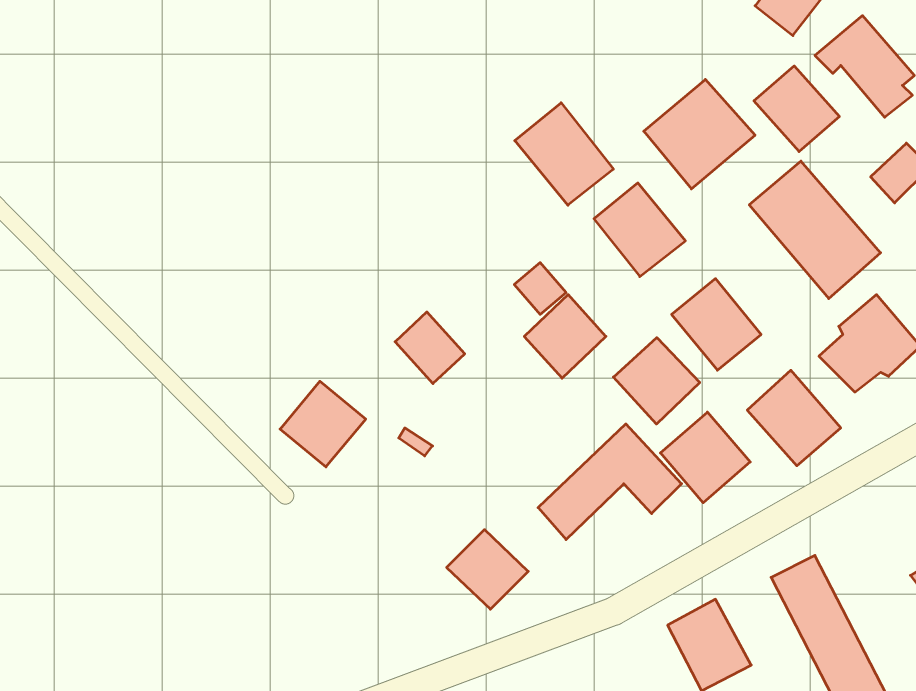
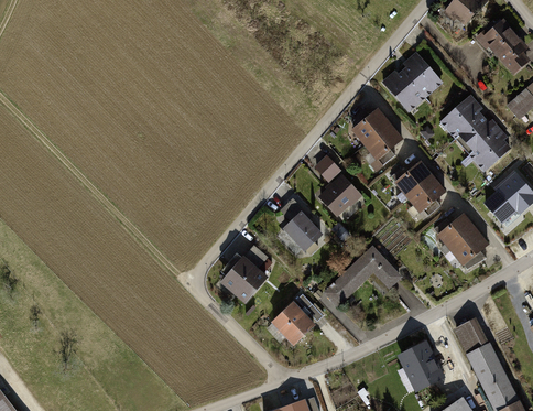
building: [754,66,839,152] -> none
building: [515,103,613,205] -> none
building: [395,312,465,384] -> [283,212,322,251]
building: [613,338,700,424] -> none
building: [280,381,366,467] -> [221,257,269,304]
building: [660,412,750,503] -> none

